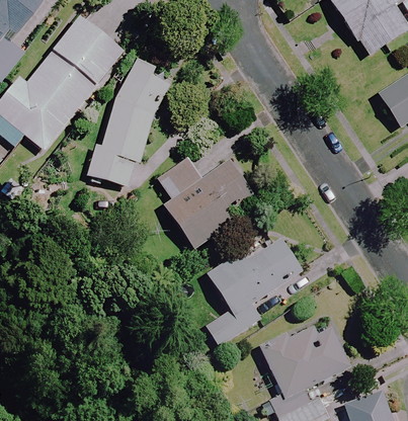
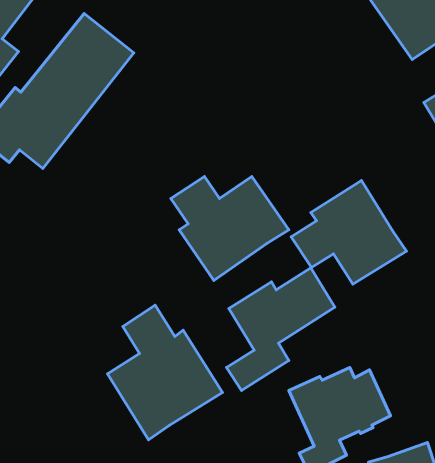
building: [87,57,176,188] -> none
building: none -> [291,180,406,284]
building: none -> [108,305,223,440]

